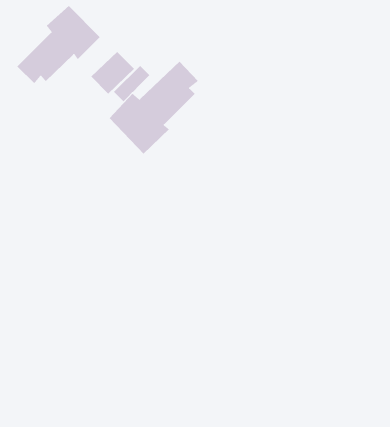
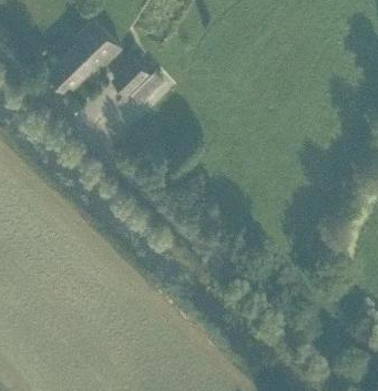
building: [109,61,199,155] -> none

